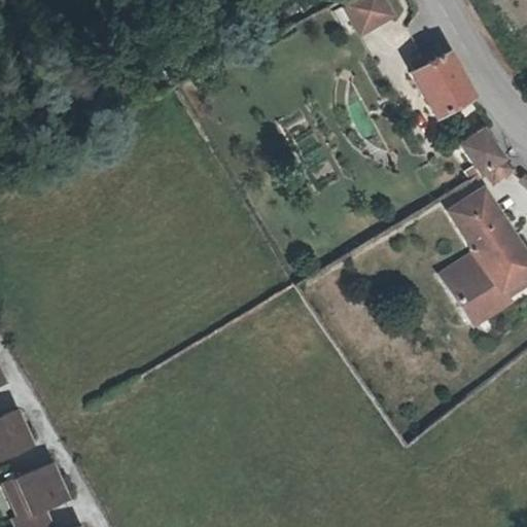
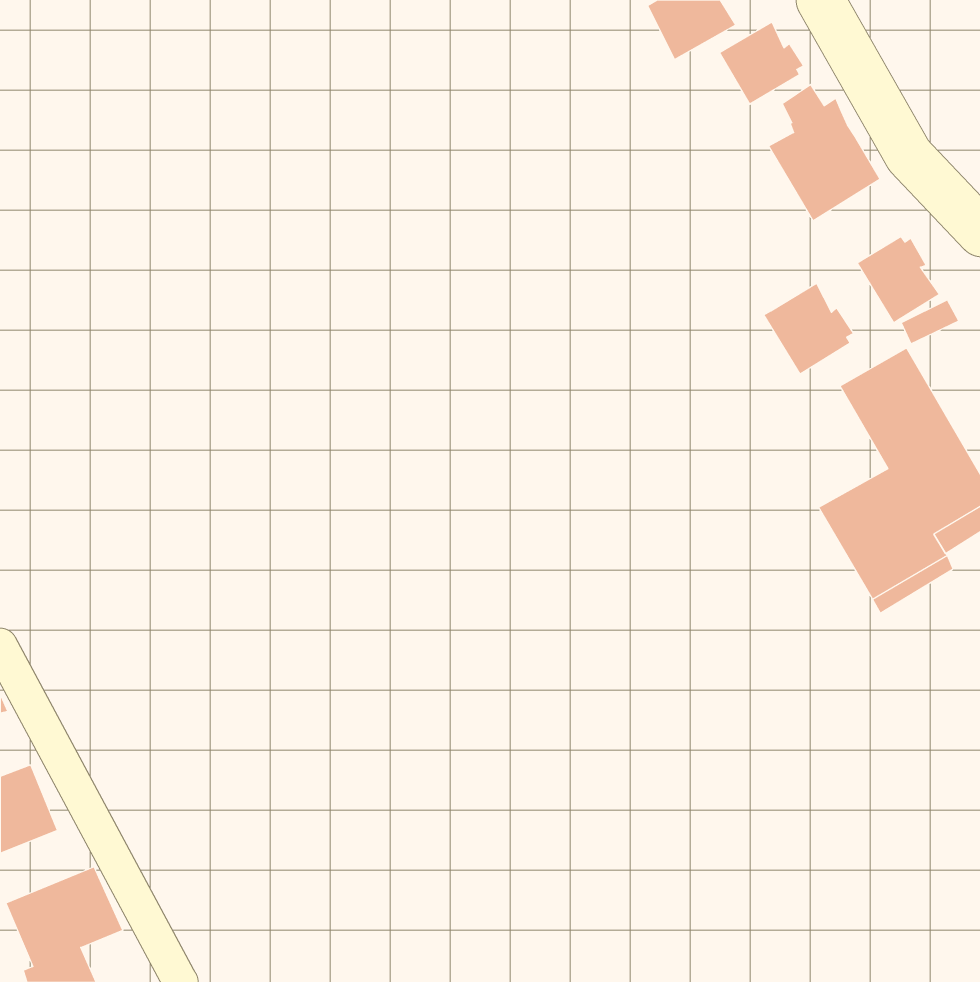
building: none -> [719,22,804,104]
building: none -> [764,283,853,374]

